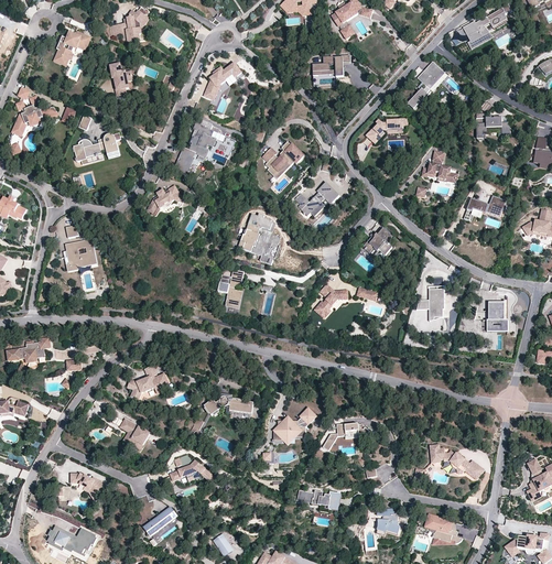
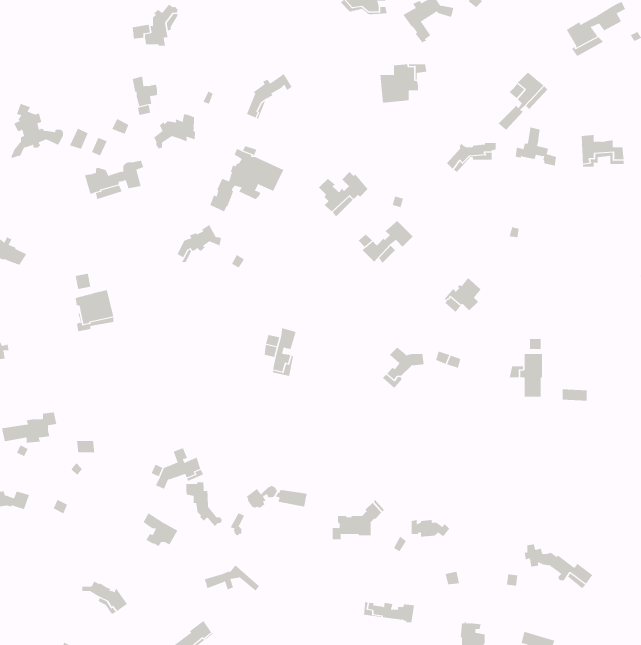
building: [55,32,90,63] -> none
building: none -> [153,114,195,149]
building: [422,150,456,182] -> [515,127,557,166]
building: [468,194,507,216] -> none
building: [228,213,281,263] -> none
building: [487,301,507,327] -> none
building: none -> [186,481,222,527]

